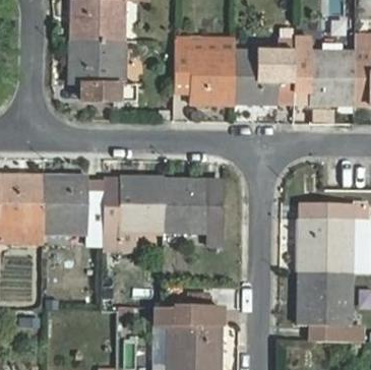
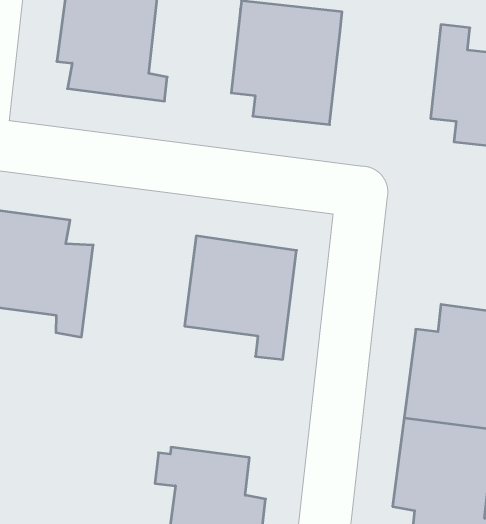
building: [235,37,294,104] -> none
building: [103,177,164,250] -> none

